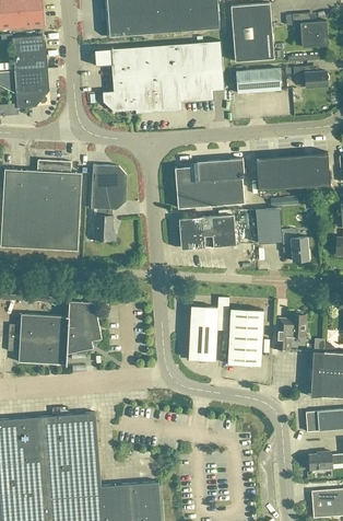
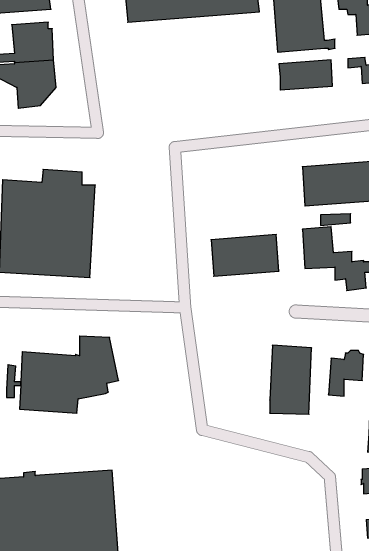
building: [95,42,224,114] -> none
building: [175,158,245,208] -> none
building: [90,164,127,241] -> none
building: [187,306,217,359] -> none

